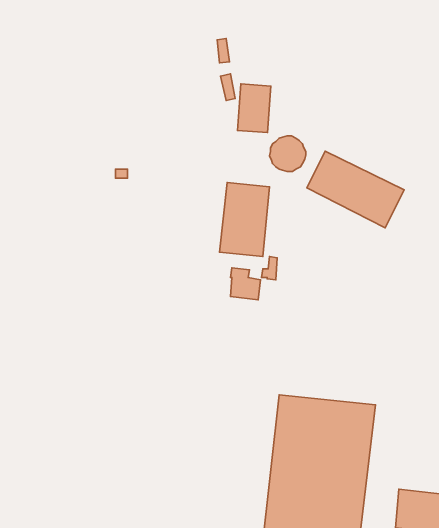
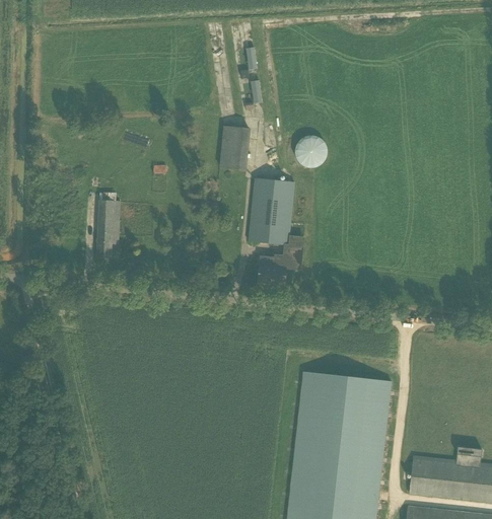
building: [238,84,271,133] -> [219,125,250,169]
building: [307,151,404,228] -> none
building: none -> [97,200,121,255]

